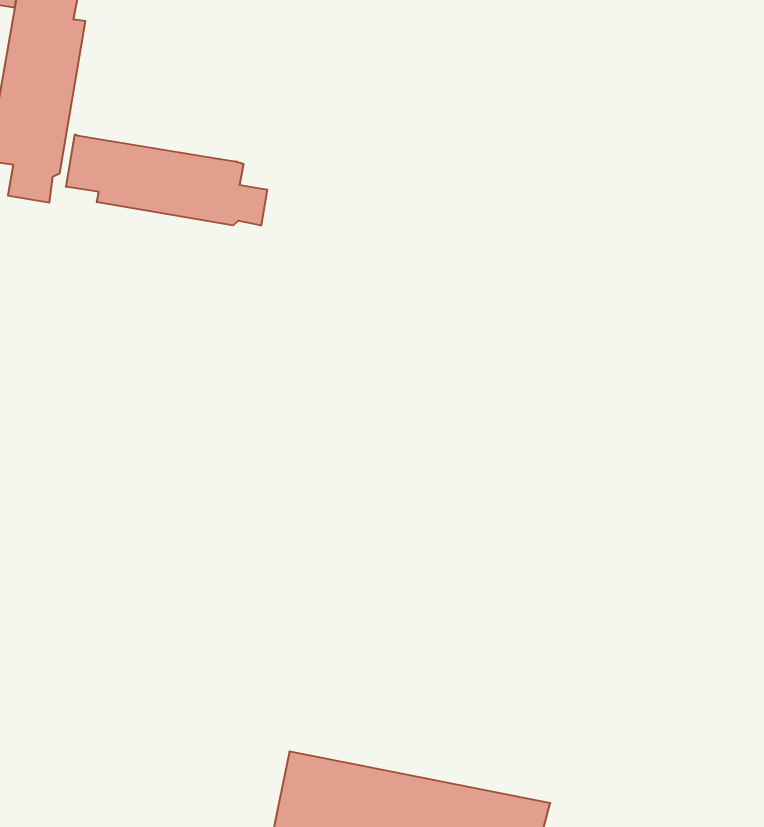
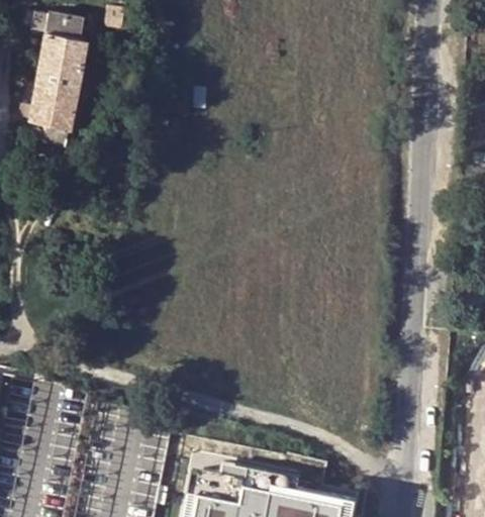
building: [66,134,267,226] -> none

